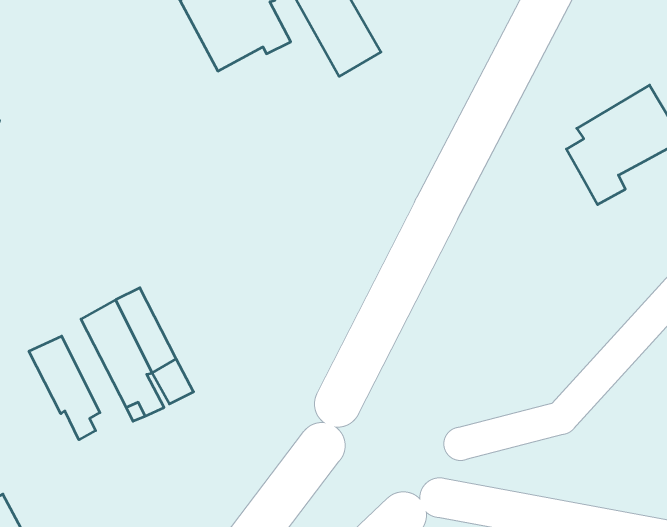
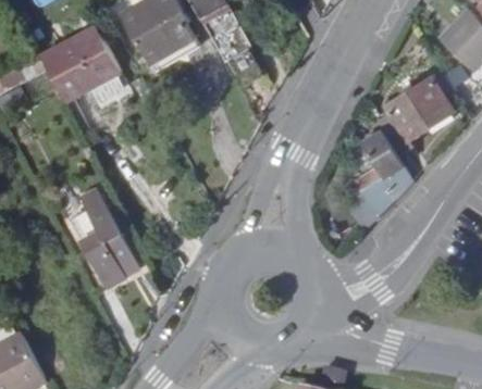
building: none -> [41,25,121,99]
building: none -> [359,131,411,217]
building: [29,336,100,440] -> none

